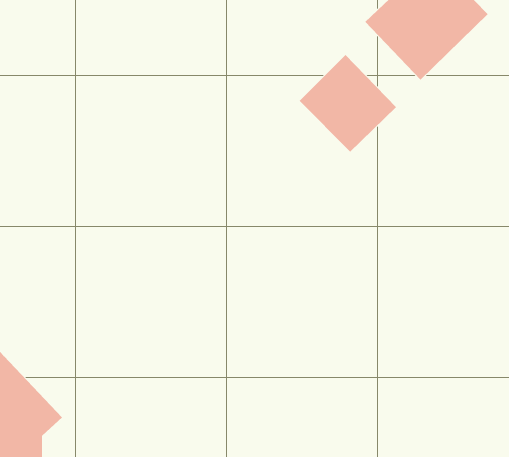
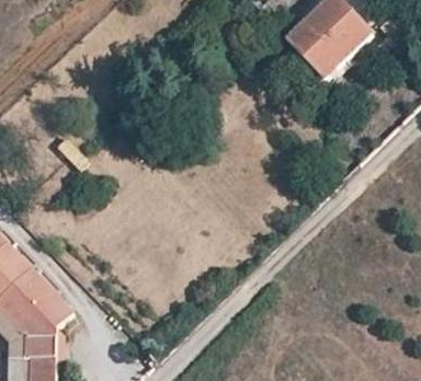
building: [299,54,397,152] -> none

